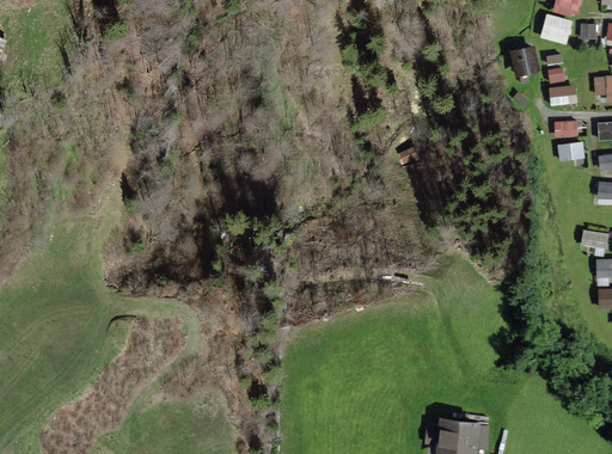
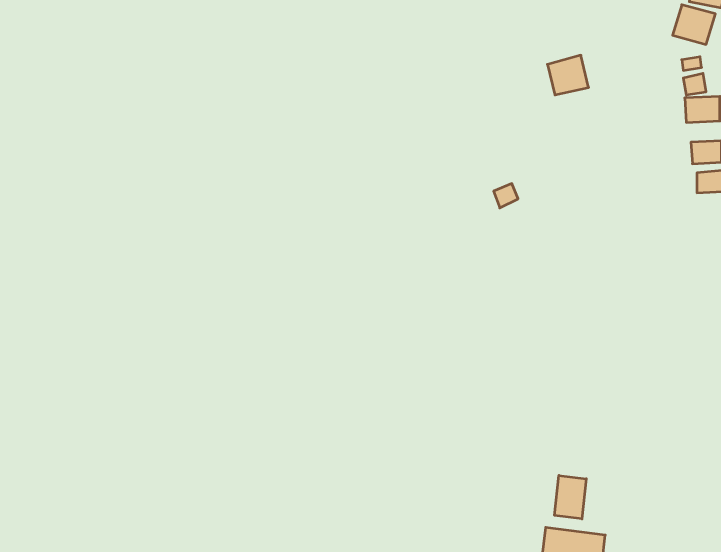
building: [506,48,538,79] -> [547,55,589,95]
building: none -> [555,475,586,519]

